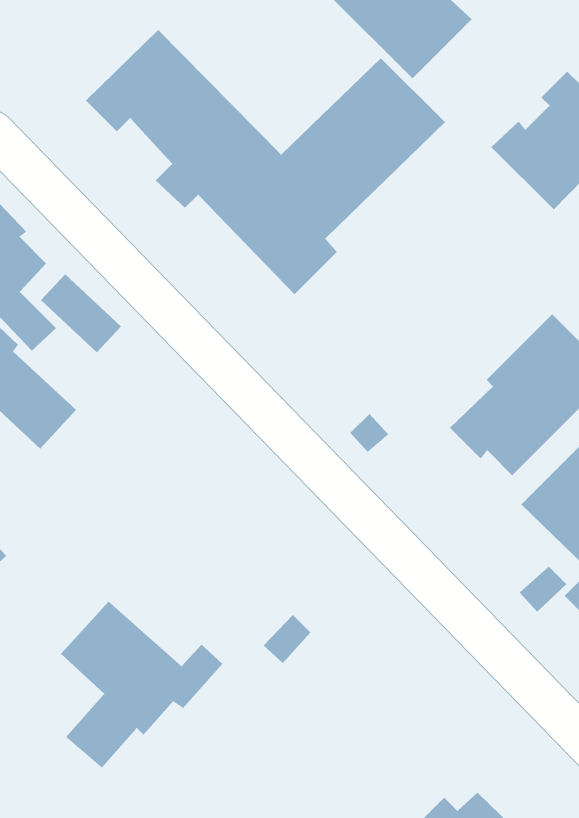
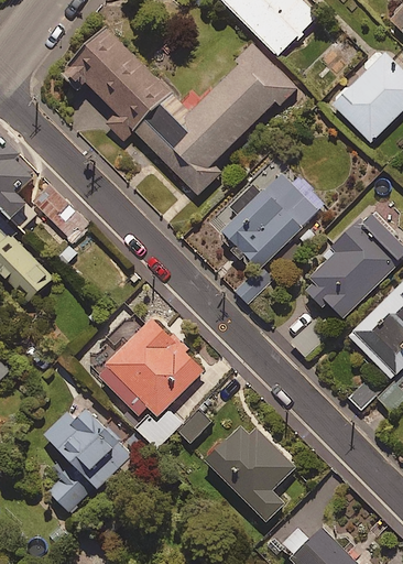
building: none -> [208,162,318,272]
building: none -> [96,318,204,417]
building: none -> [205,424,294,522]

